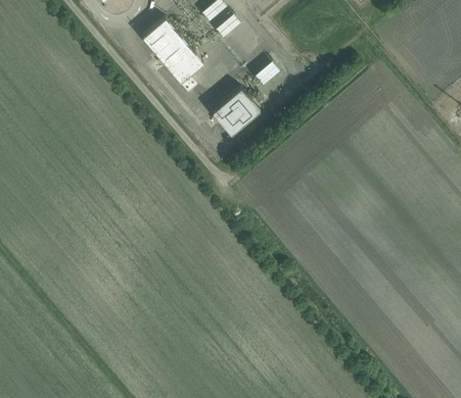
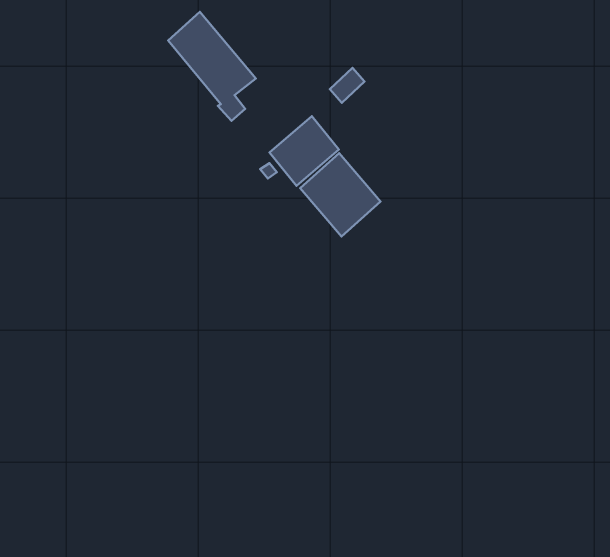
building: none -> [300,153,381,237]

